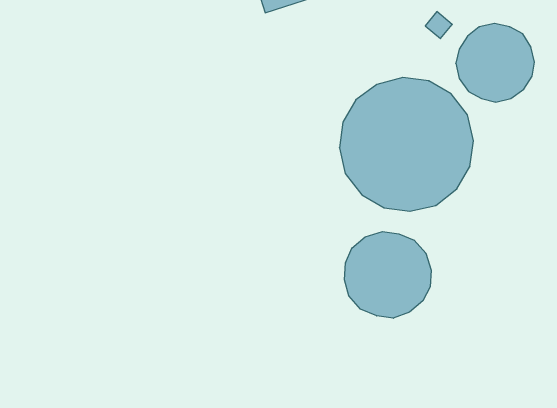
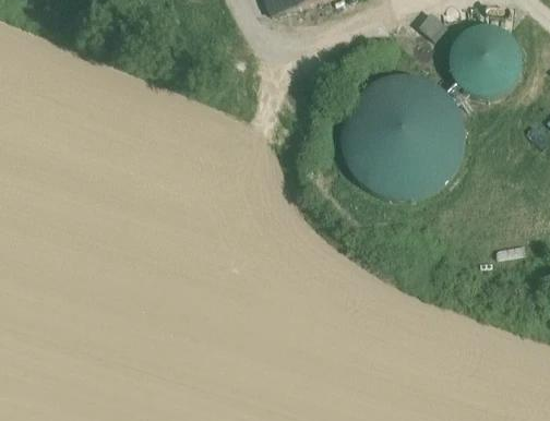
building: [344,232,431,318] -> none

